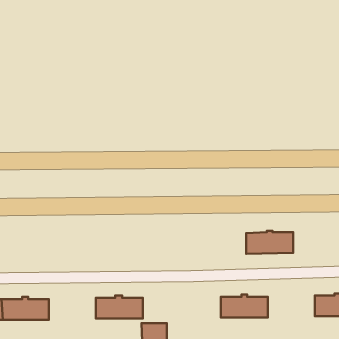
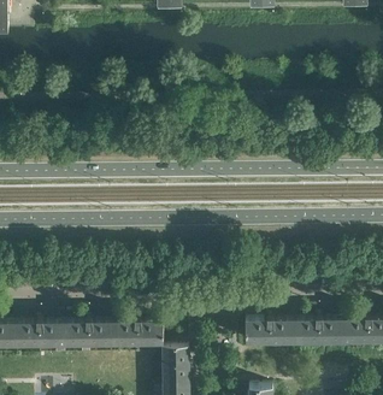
building: [246,231,293,254] -> [294,319,343,343]
building: none -> [64,322,113,346]

